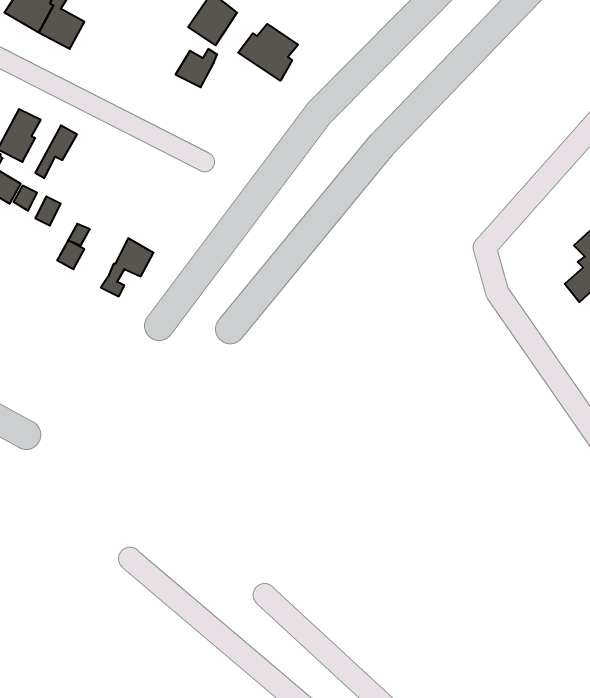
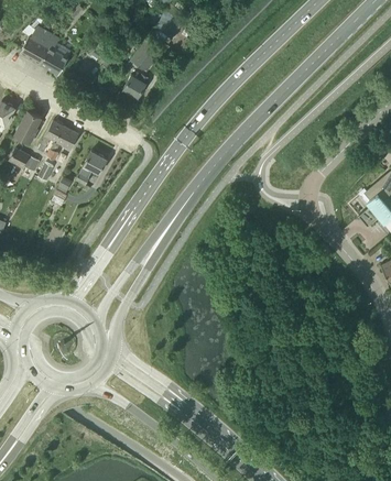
building: [238,24,298,81] -> none
building: none -> [47,125,79,160]
building: [101,238,154,296] -> [76,150,108,185]

